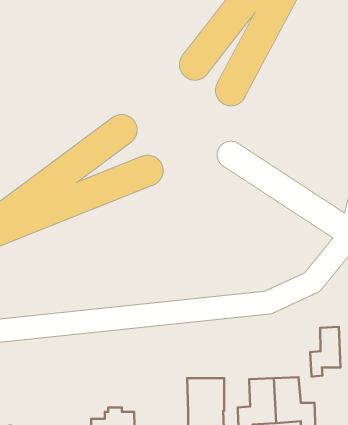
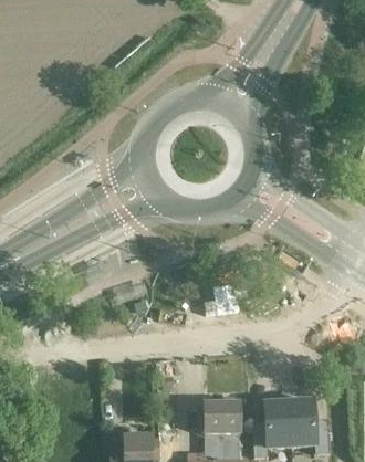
building: [310,327,341,377] -> none

